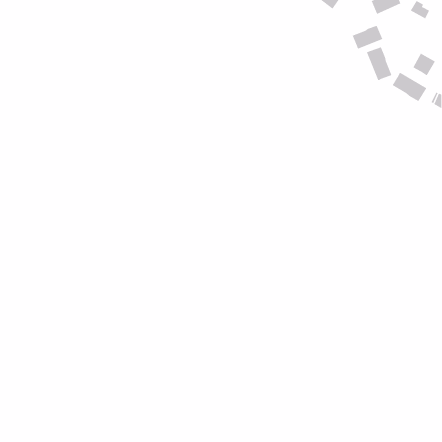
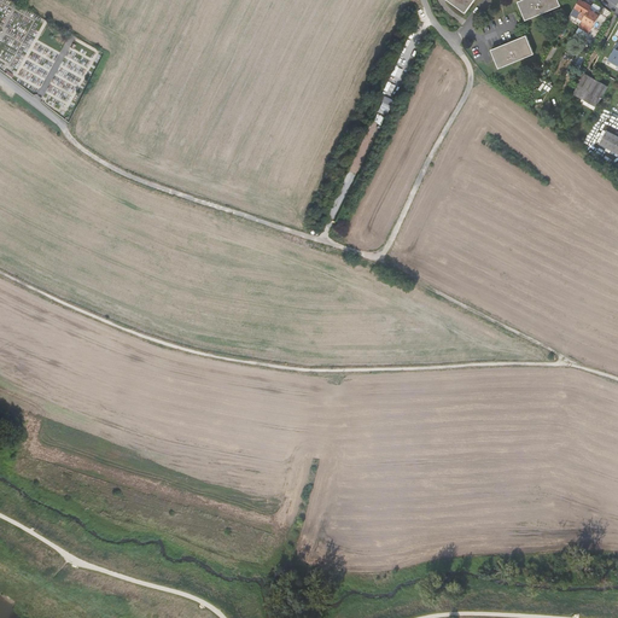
building: [366,46,392,81] -> none
building: [392,72,427,102] -> none

